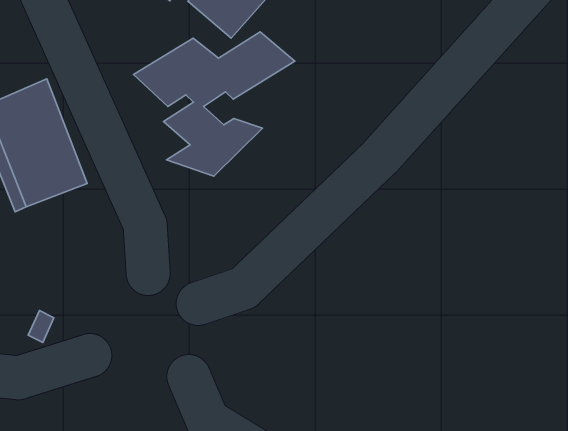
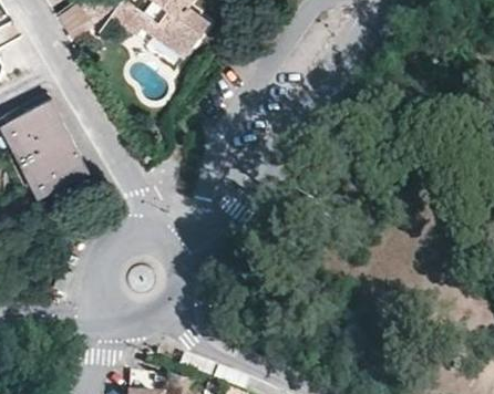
building: [134,32,295,176] -> none

